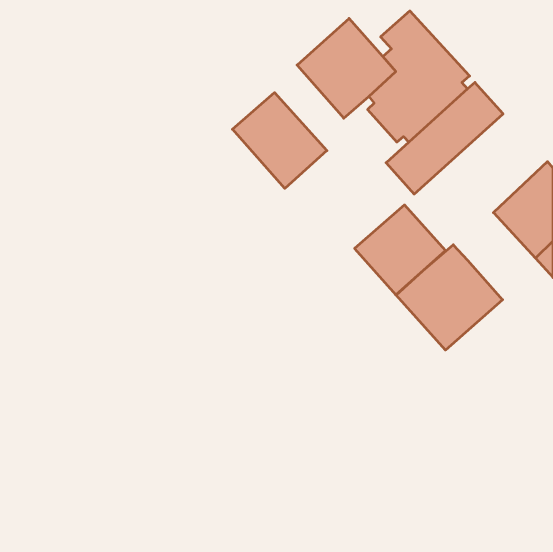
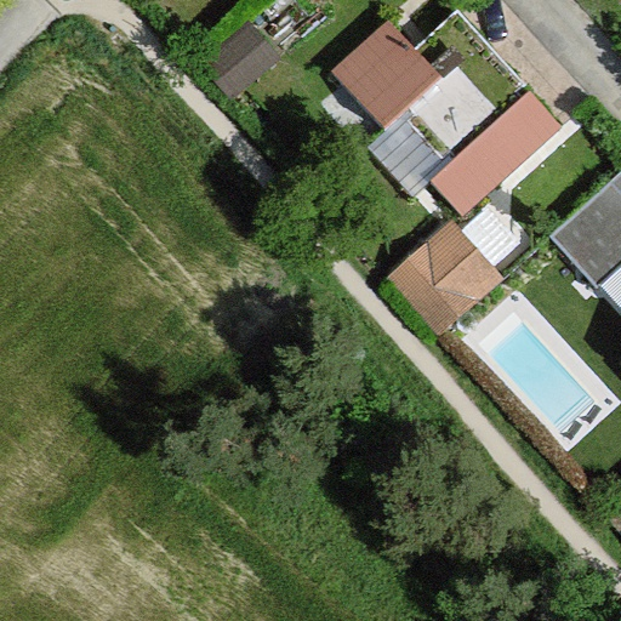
building: [232,93,327,188] -> none
building: [396,245,503,350] -> none

